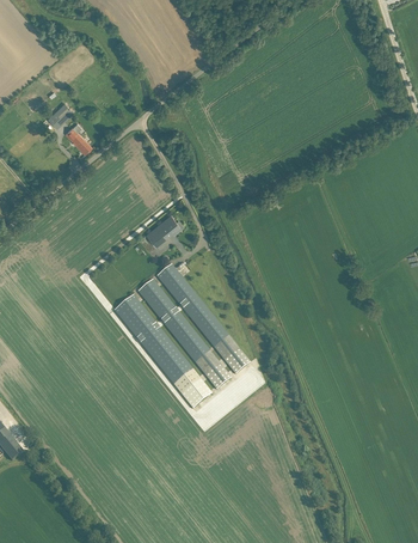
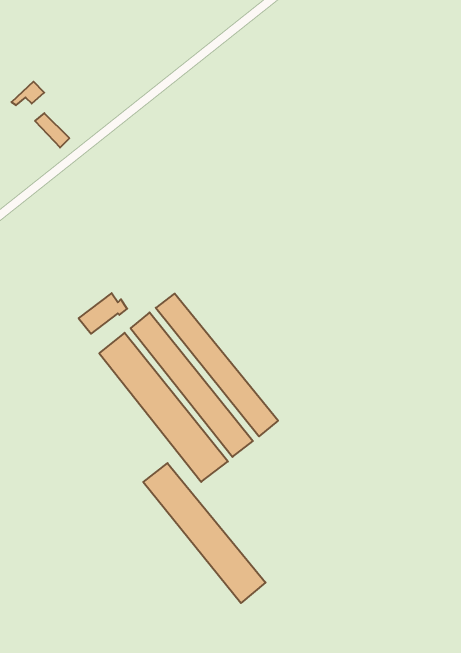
building: [146,214,183,245] -> [79,293,127,334]
building: none -> [143,463,266,603]

